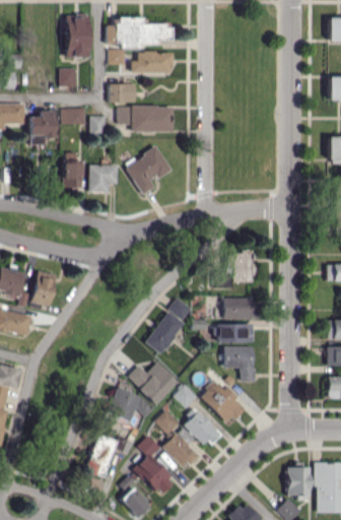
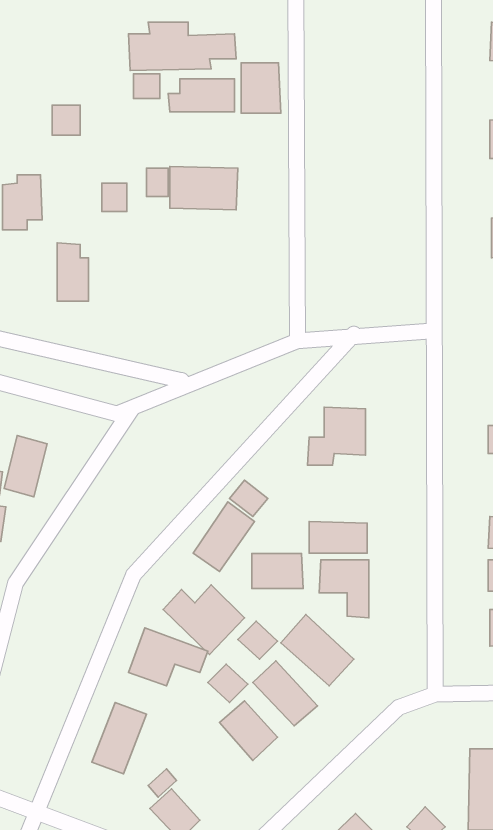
building: [66,14,88,57] -> none
building: none -> [241,63,281,113]
building: [109,83,135,103] -> none
building: [62,108,86,124] -> none
building: [126,147,170,194] -> none
building: [89,165,118,192] -> none
building: [223,298,255,319] -> [252,554,303,588]
building: [135,436,176,496] -> none
building: [287,467,310,500] -> none

